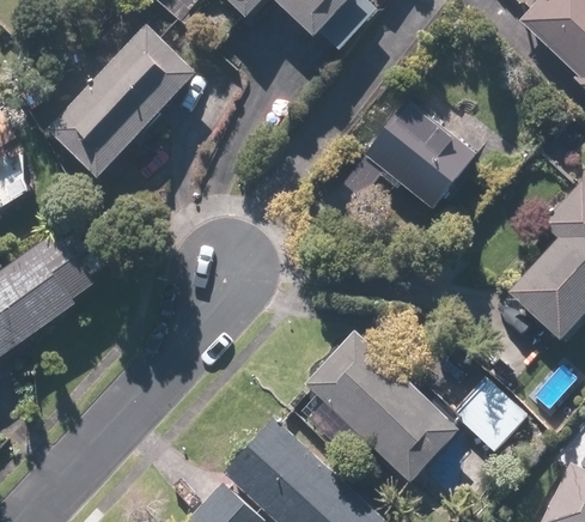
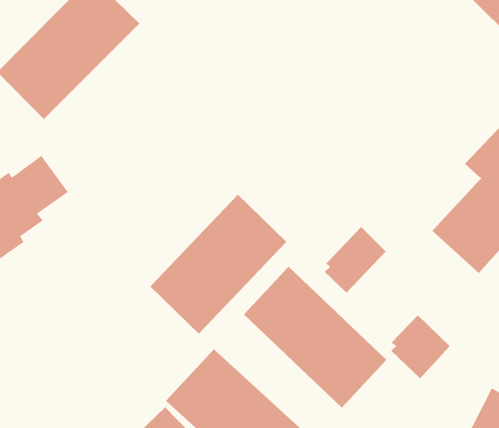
building: [362,101,474,208] -> none
building: none -> [149,194,287,334]
building: none -> [324,226,387,293]

